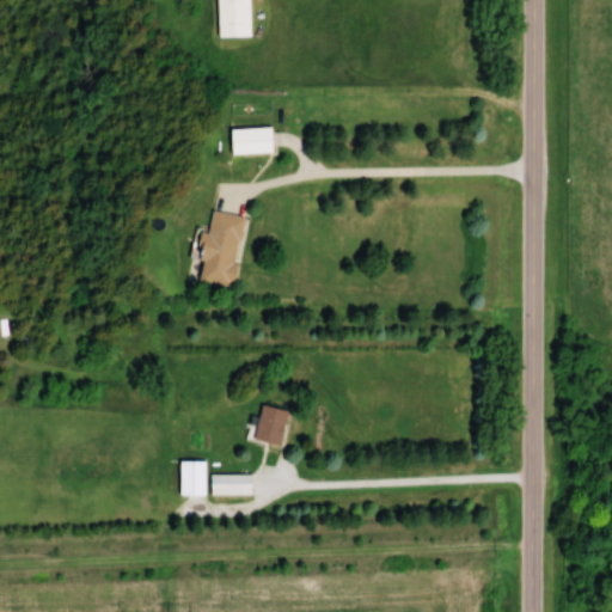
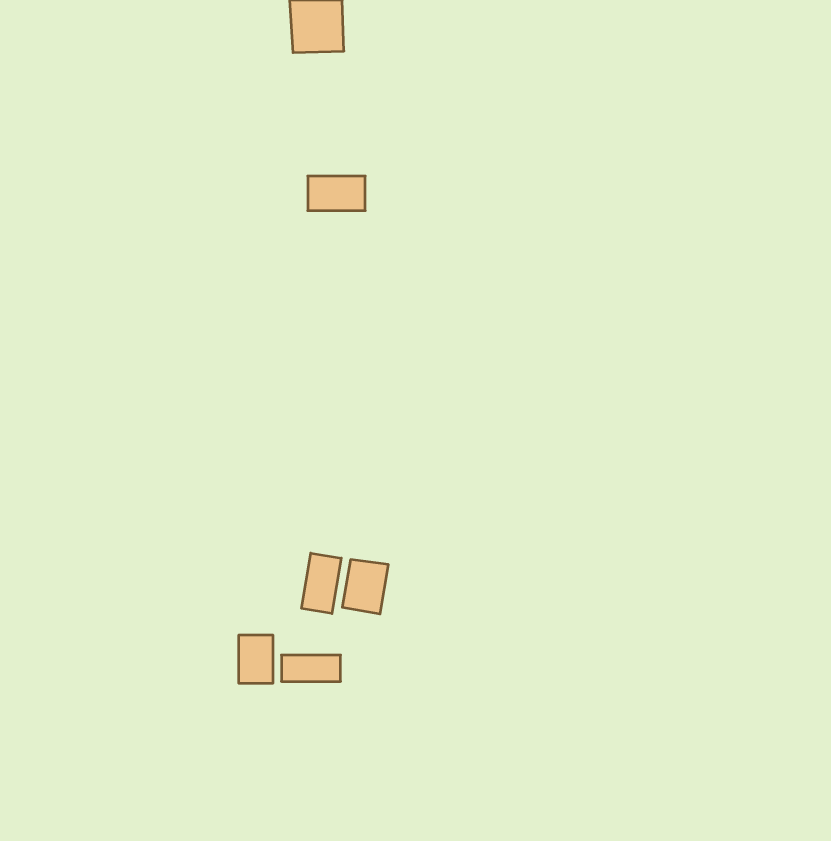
building: [194,210,246,287] -> none
building: none -> [302,553,341,614]

